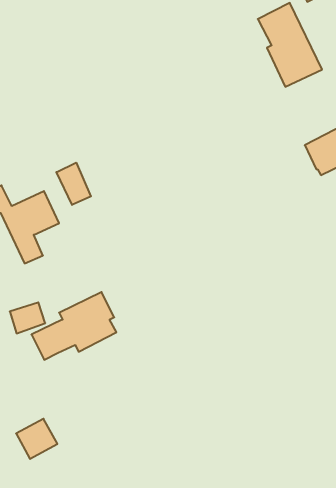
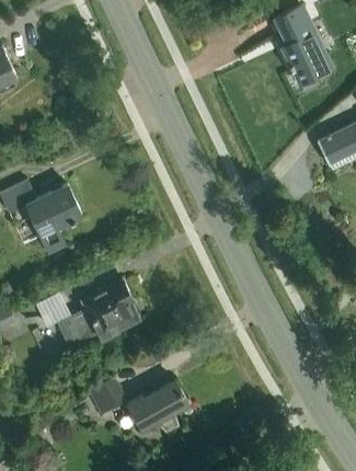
building: [56,163,91,205] -> none
building: none -> [130,382,188,432]
building: [16,419,57,459] -> [88,376,127,414]

